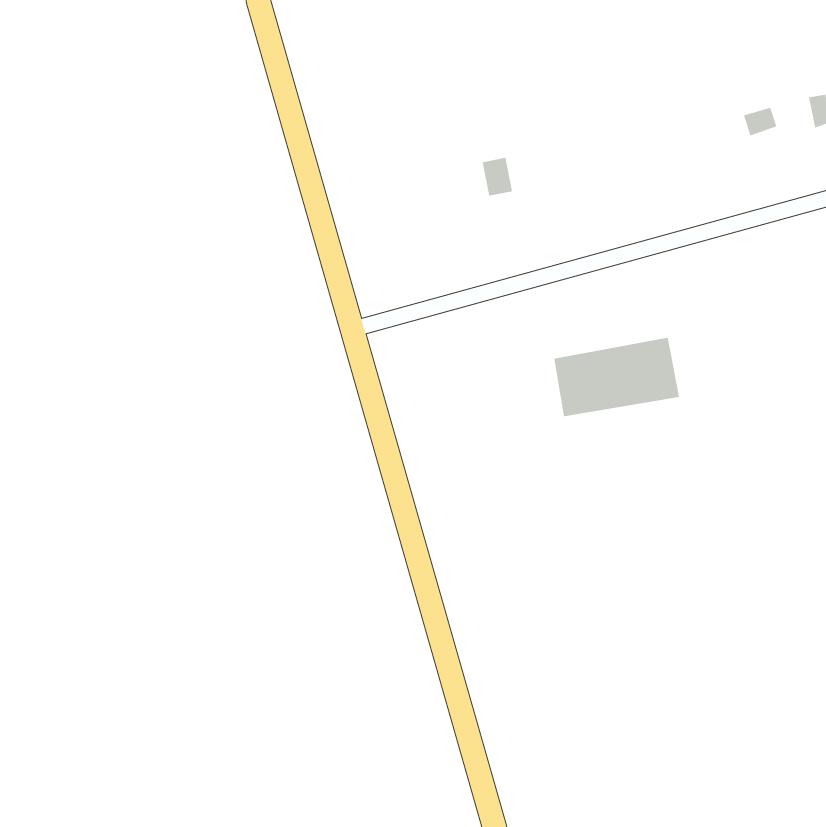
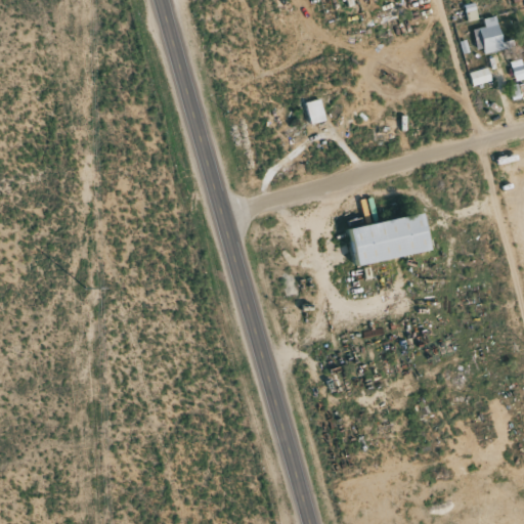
building: none -> [475,17,504,53]

